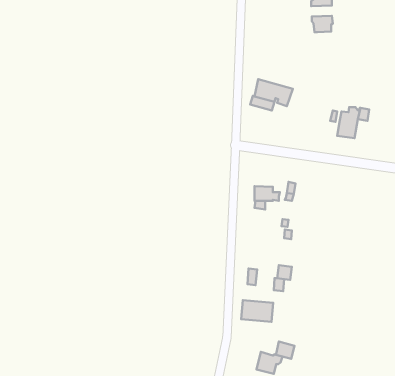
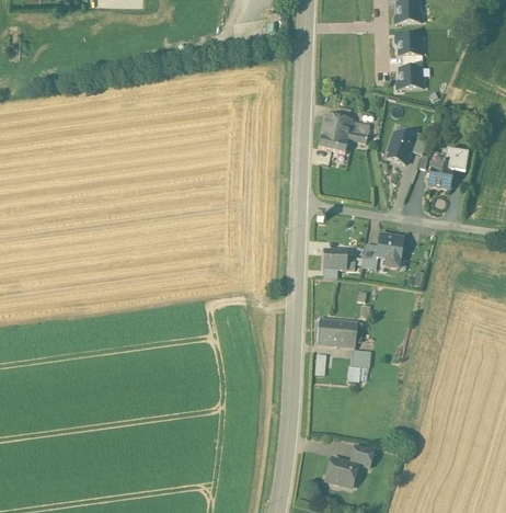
building: none -> [396,67,423,88]
building: none -> [386,132,415,164]
building: none -> [378,235,403,269]
building: [241,300,273,322] -> [317,318,357,345]

